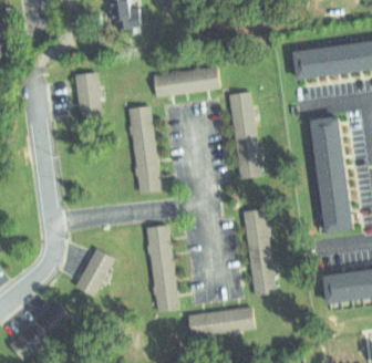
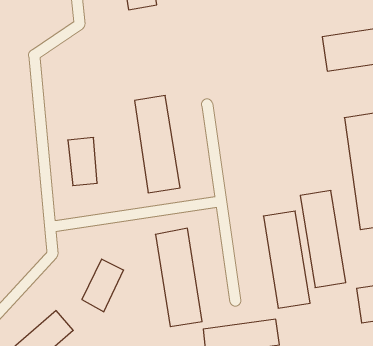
building: [147,65,216,97] -> none
building: [75,70,102,113] -> [68,138,97,186]
building: [227,89,268,176] -> [300,191,346,288]

